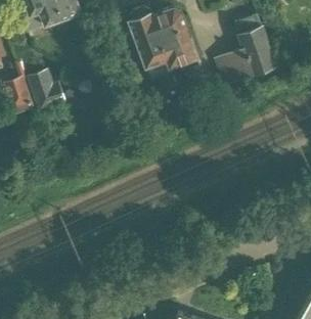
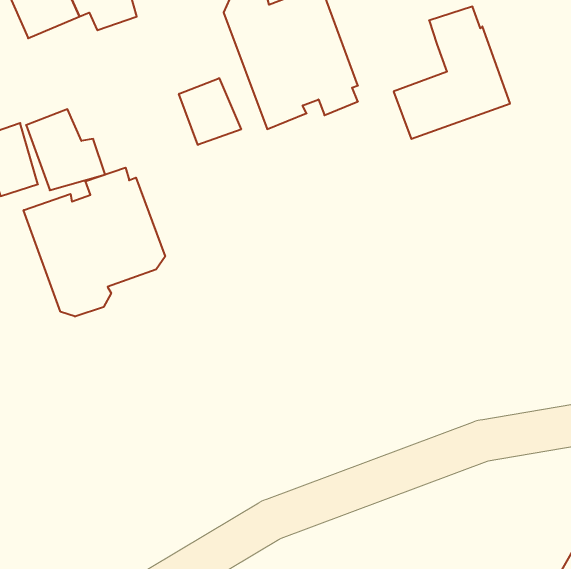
building: none -> [179,78,241,145]
building: none -> [24,168,165,317]

